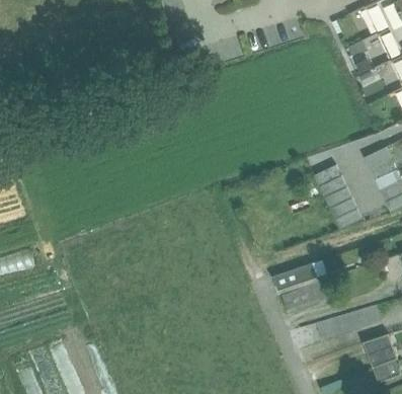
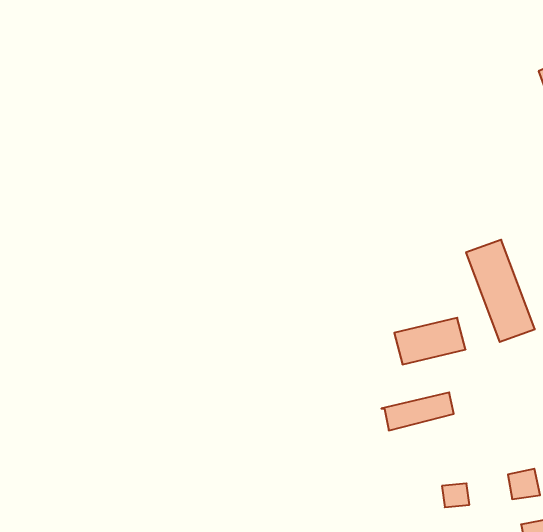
building: [283,281,328,313] -> [394,318,466,364]

